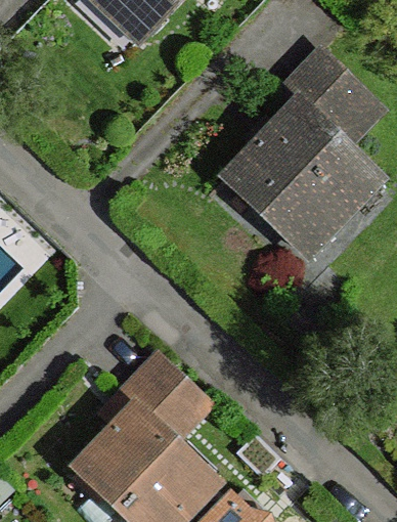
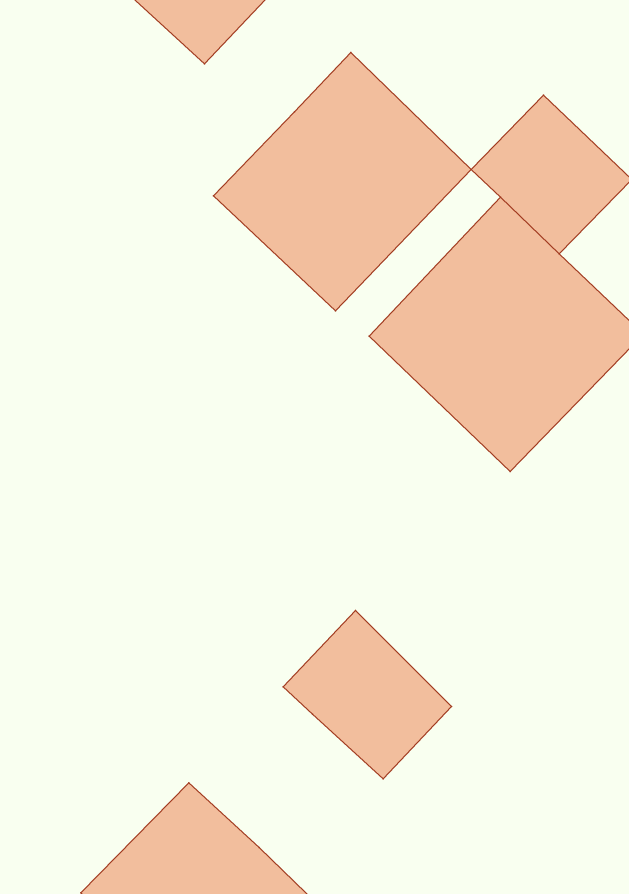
building: none -> [213,52,471,311]
building: [120,358,208,446] -> [283,610,452,779]

